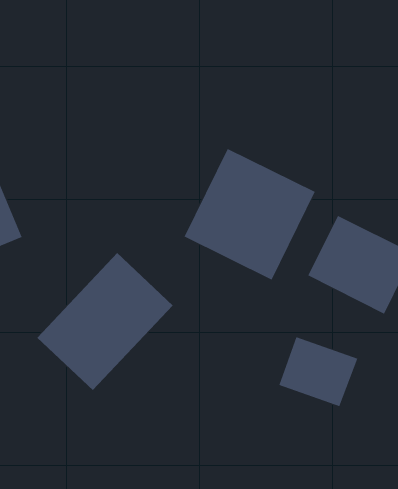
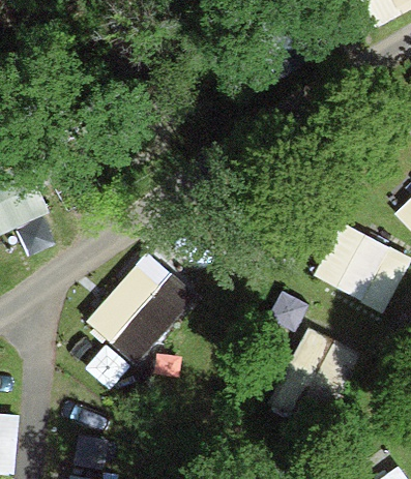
building: [184,148,315,281] -> none

